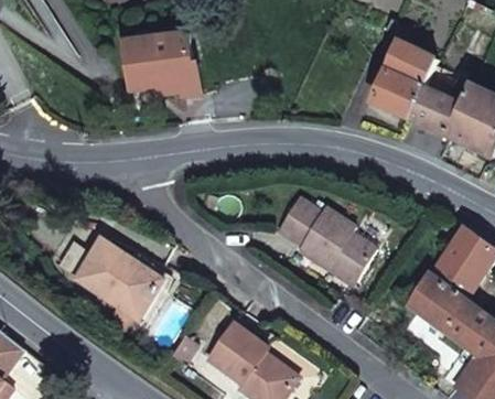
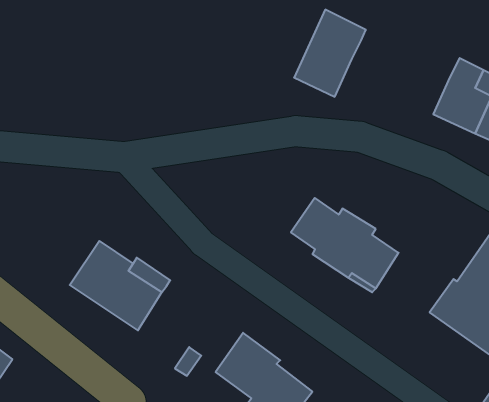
building: [123,33,198,96] -> none
building: [370,40,437,120] -> [294,10,366,97]

